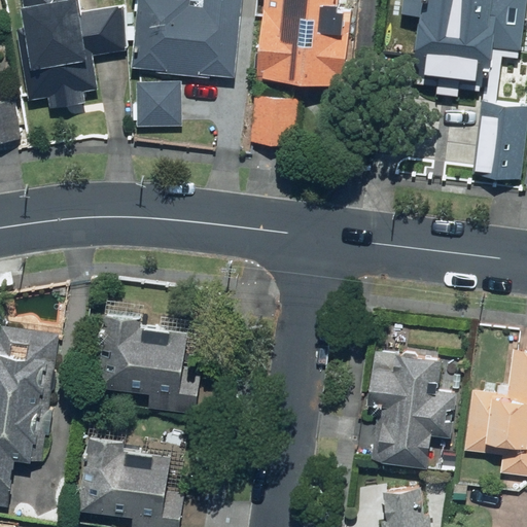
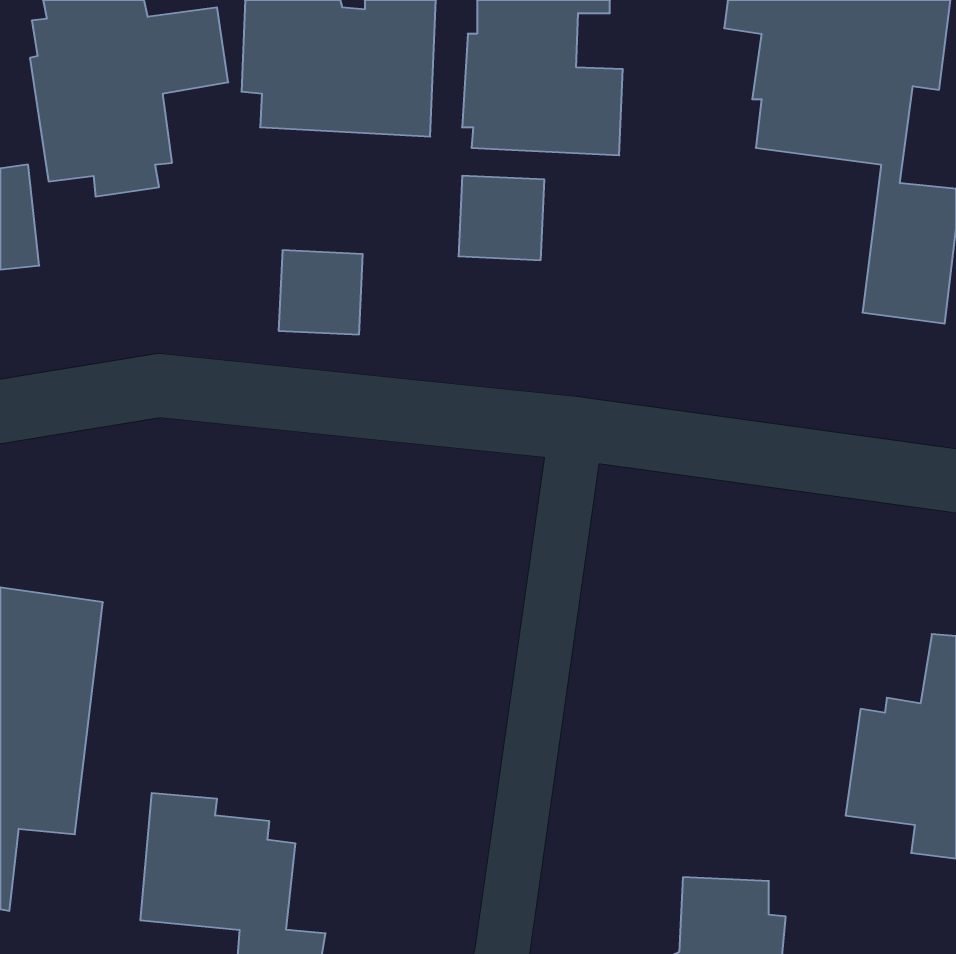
building: [135,80,181,127] -> [279,250,363,334]
building: [95,314,200,409] -> none
building: [362,355,452,465] -> none

